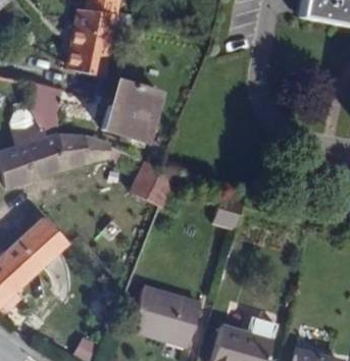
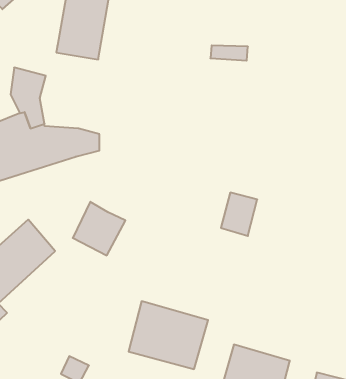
building: [103,80,162,142] -> none
building: [132,160,178,207] -> [73,202,125,255]

